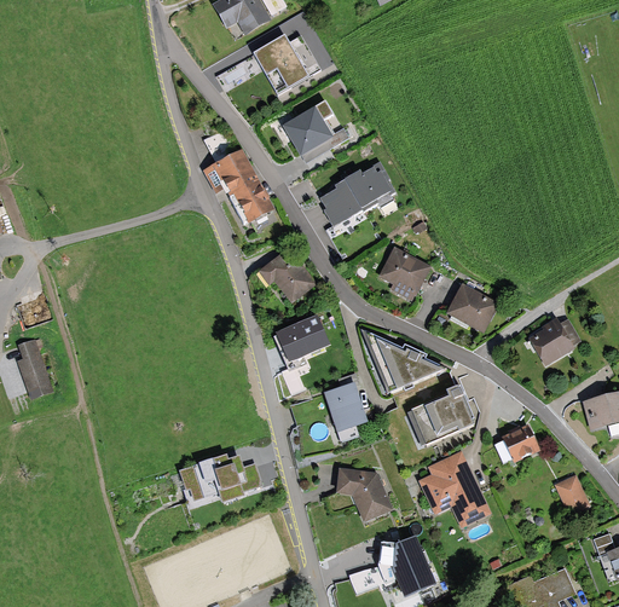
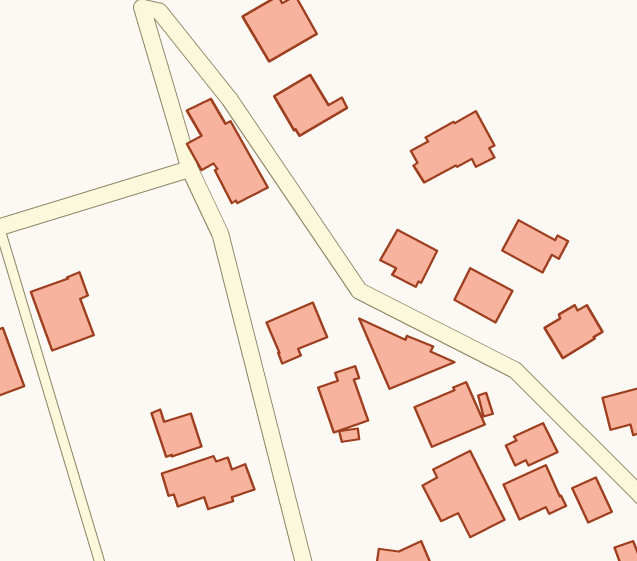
building: [320,161,397,226] -> [411,111,494,183]
building: none -> [502,220,568,272]
building: [258,247,317,304] -> none
building: none -> [31,272,94,351]
building: none -> [152,410,202,457]
building: none -> [504,465,566,520]
building: [335,468,393,522] -> none

